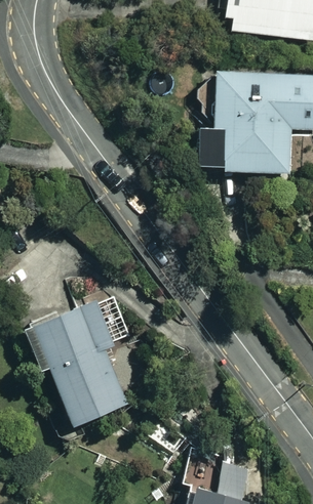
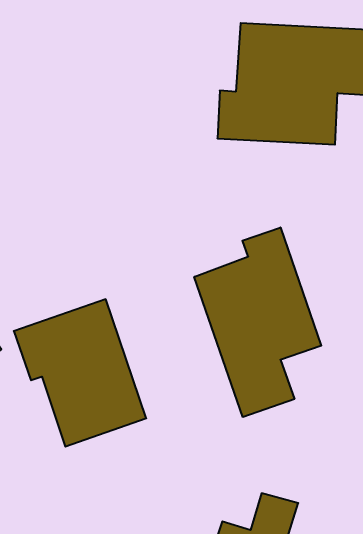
building: none -> [194,227,321,417]

